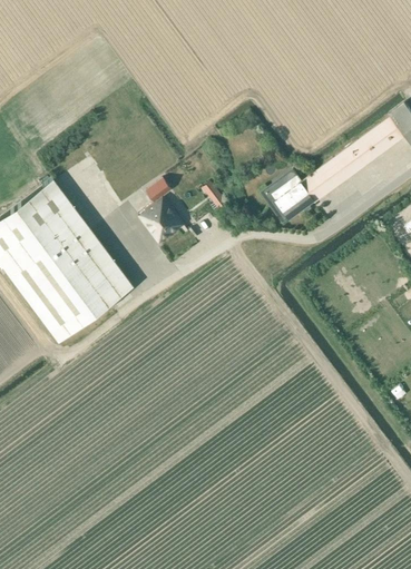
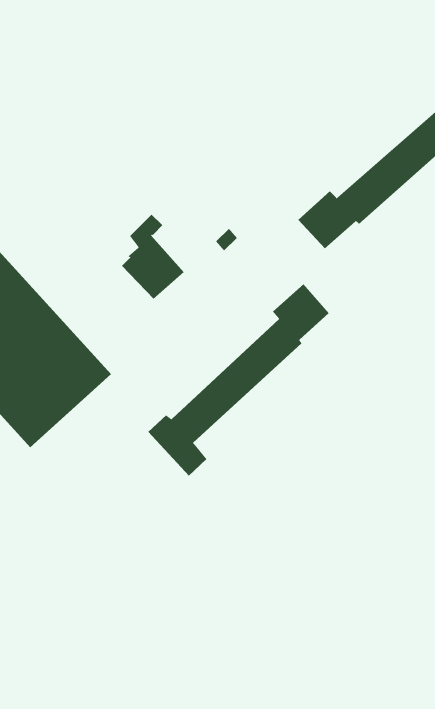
building: none -> [148,283,329,477]

